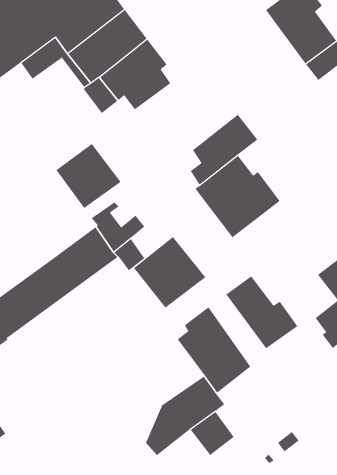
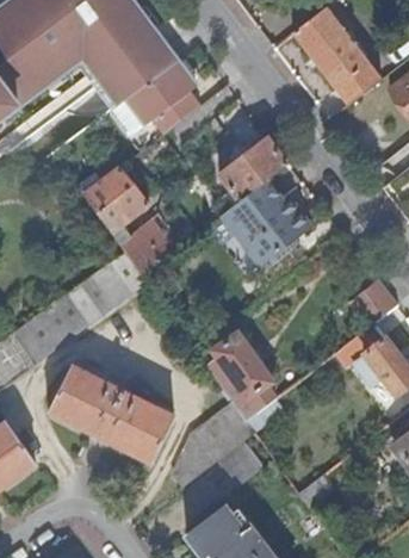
building: [133,236,206,308] -> none
building: [225,275,298,349] -> none
building: none -> [48,365,174,461]

